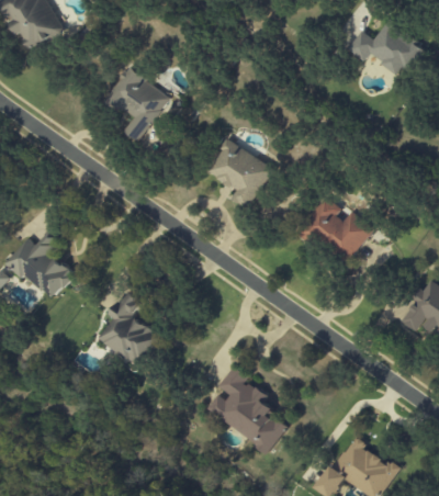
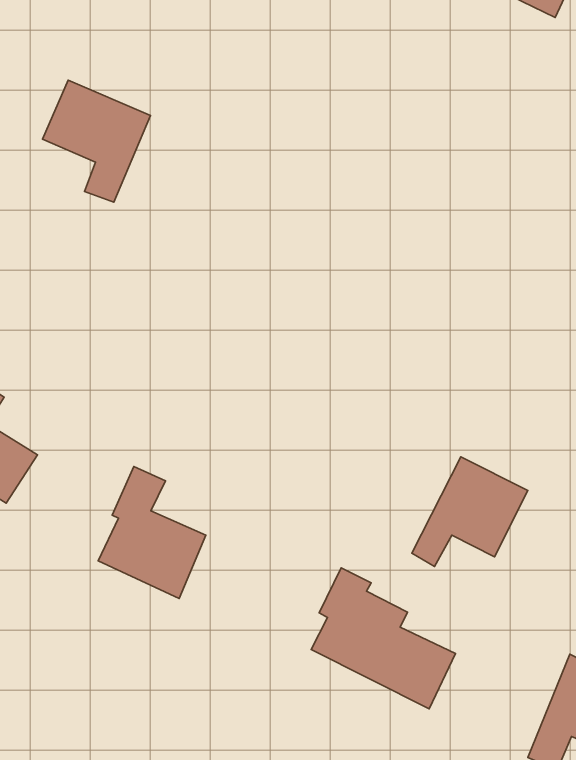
building: [207,139,275,210] -> none
building: [300,196,373,264] -> none
building: none -> [412,457,528,567]

